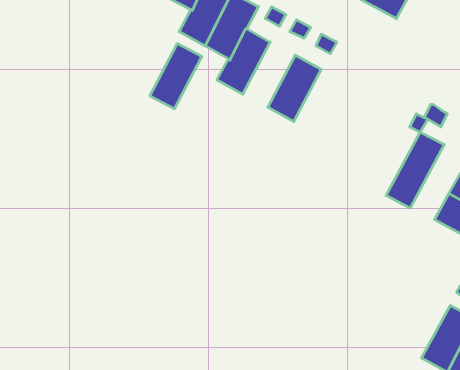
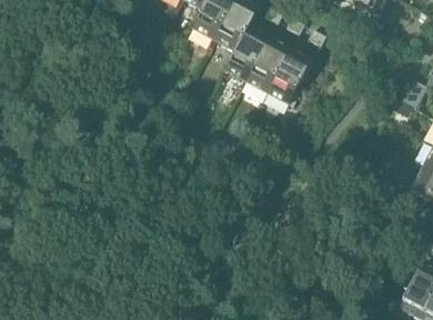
building: [150,44,202,109] -> [246,37,291,92]
building: [386,132,444,208] -> none

